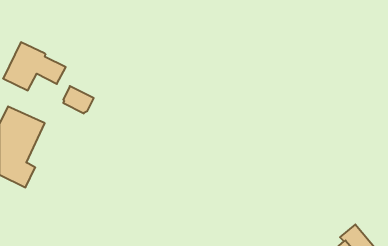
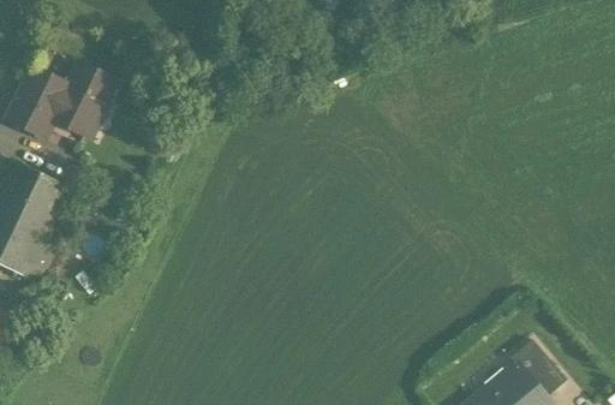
building: [63,86,94,113] -> [67,64,113,105]

